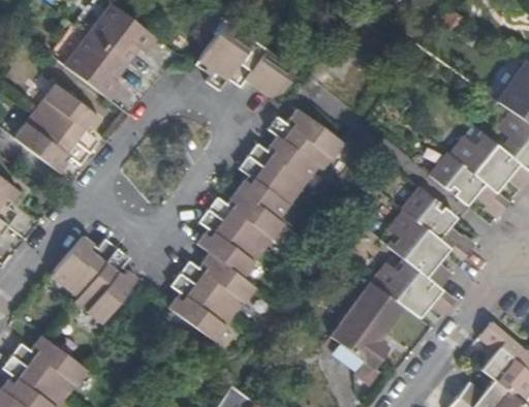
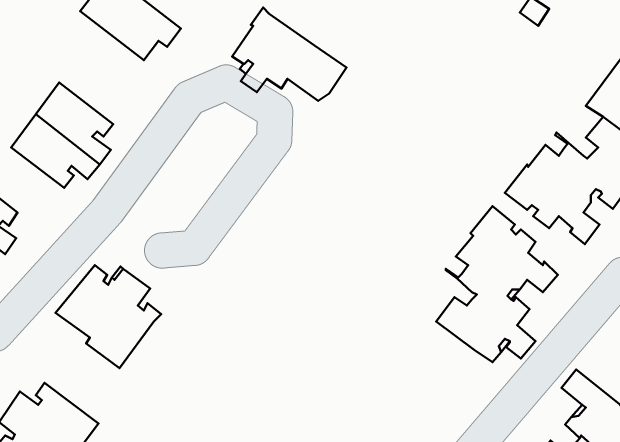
building: [52,23,125,101] -> none
building: [168,108,341,343] -> none
building: [331,283,403,370] -> none

